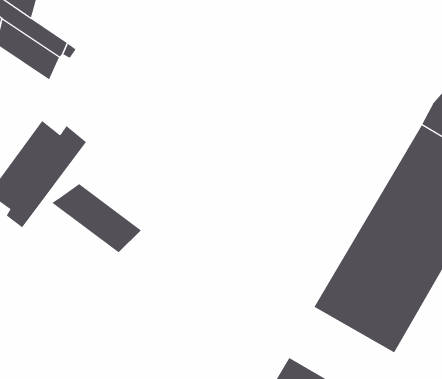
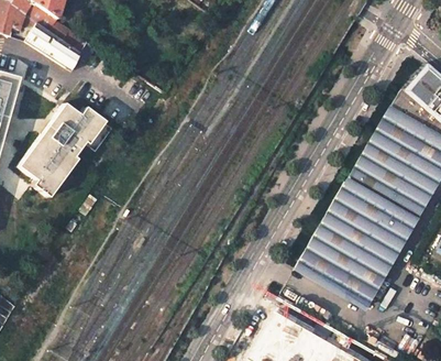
building: [51,183,142,253] -> none

